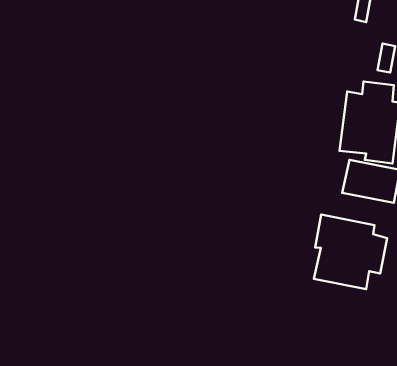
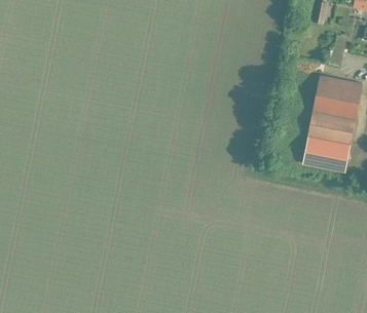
building: [314,215,387,289] -> none

